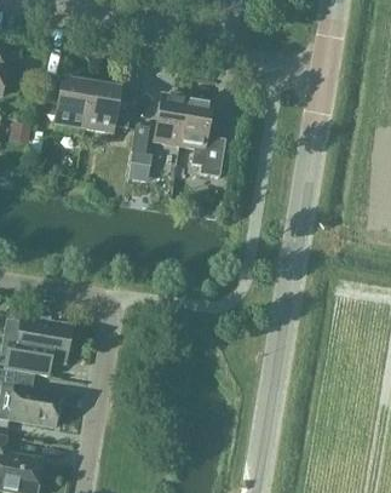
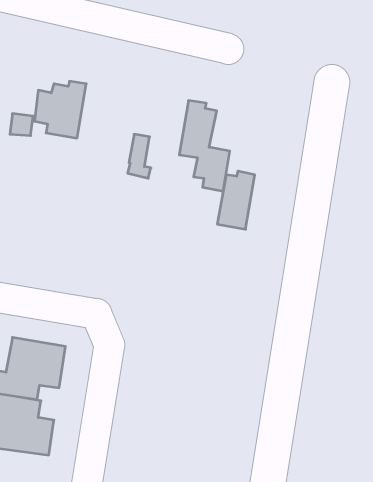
building: [81,79,131,134] -> none
building: [150,91,185,145] -> [217,171,255,229]

